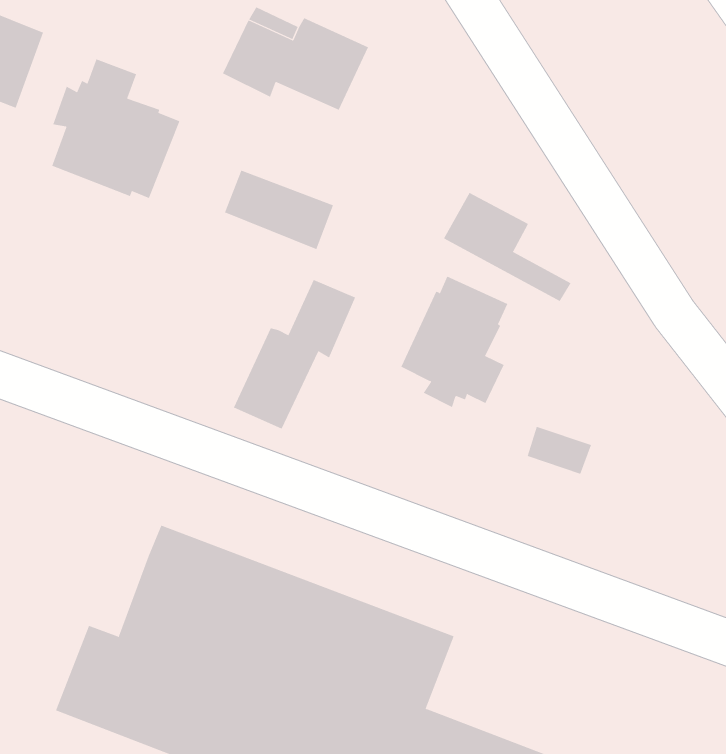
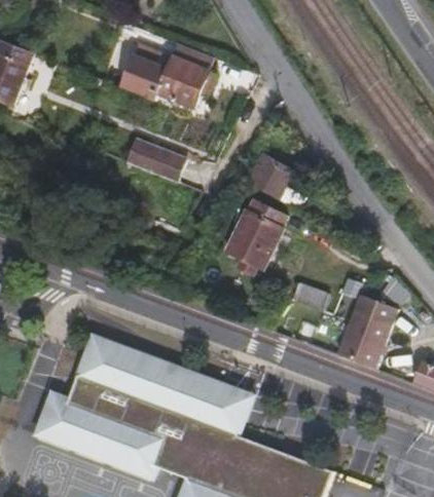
building: [52,59,180,199] -> none
building: [233,279,356,429] -> none
building: none -> [341,298,400,367]

